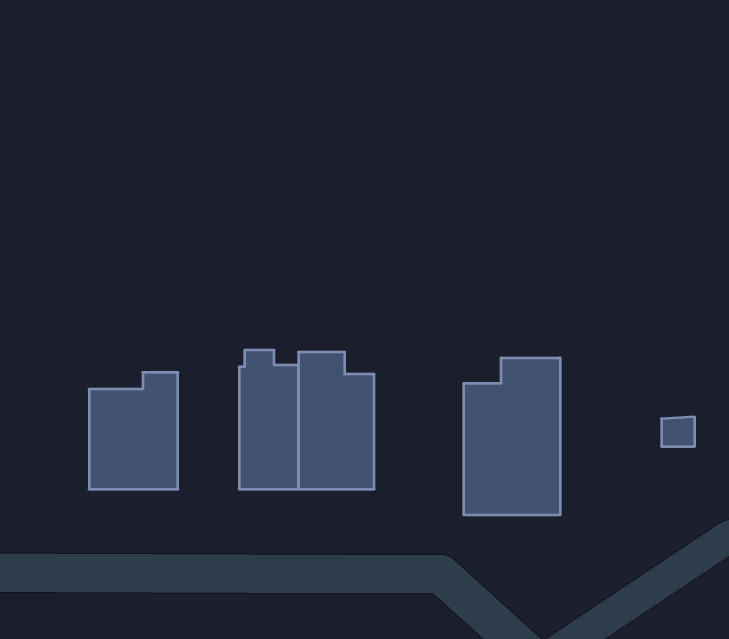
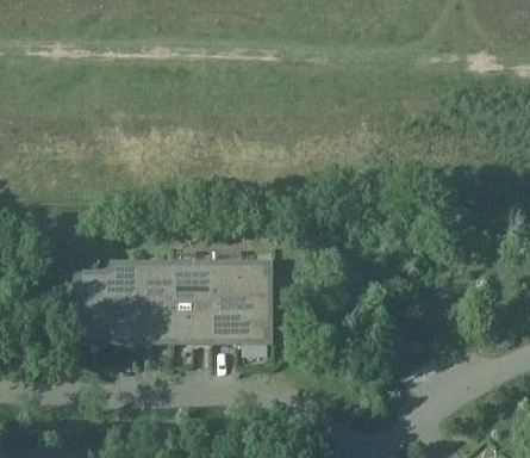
building: [464,358,560,515] -> none
building: none -> [139,262,179,341]

